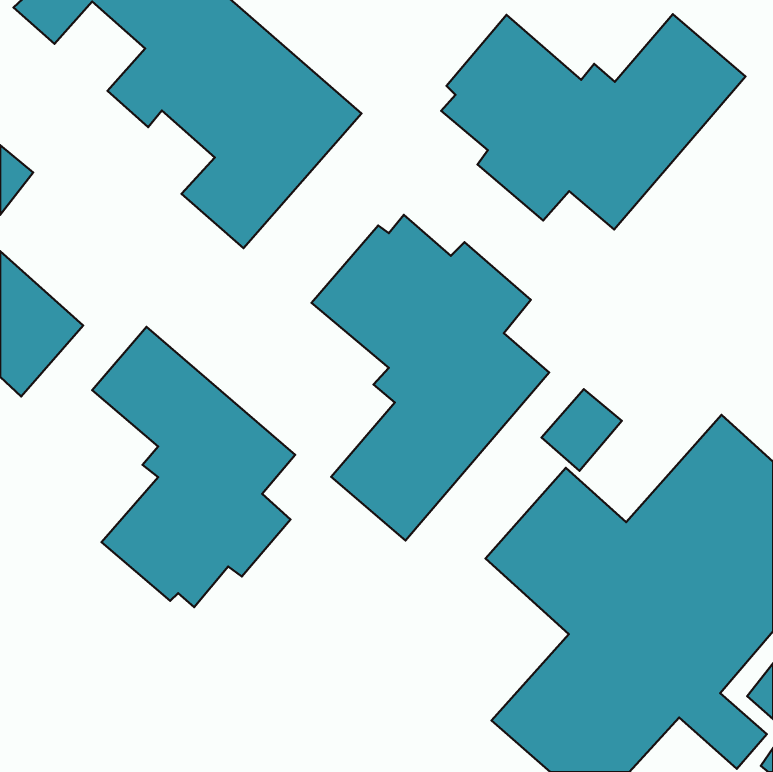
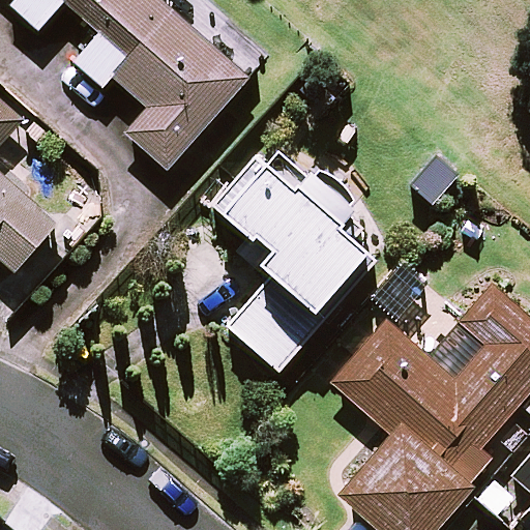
building: [441,14,745,229] -> none
building: [92,327,295,607] -> none

